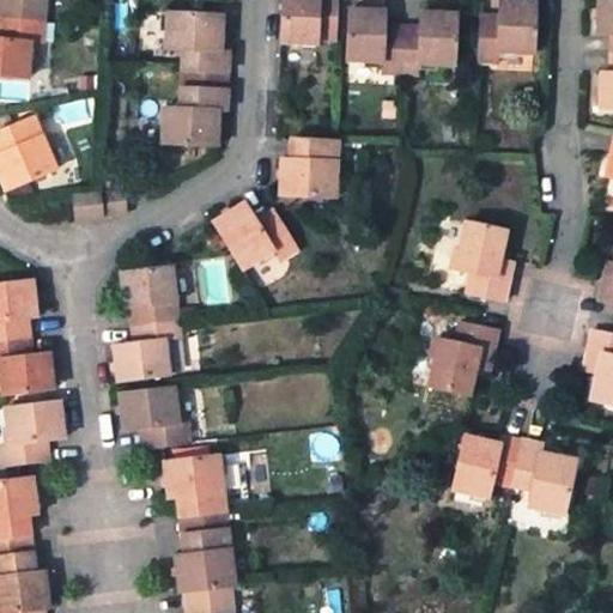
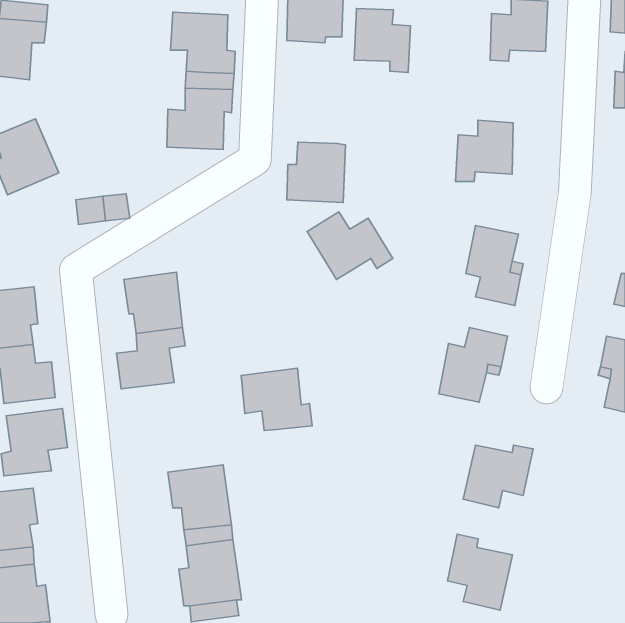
building: [399,11,455,71] -> [456,120,513,182]
building: [213,204,297,269] -> [307,212,393,279]
building: [121,386,190,447] -> [241,368,312,431]
building: [511,438,575,512] -> [447,534,512,610]

